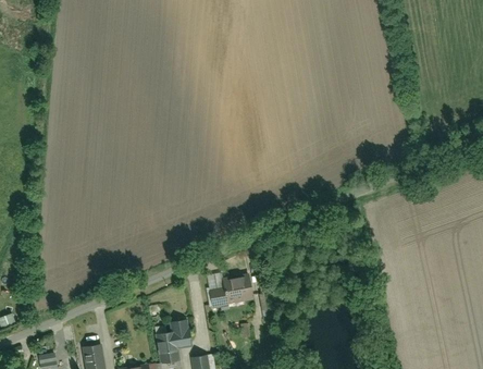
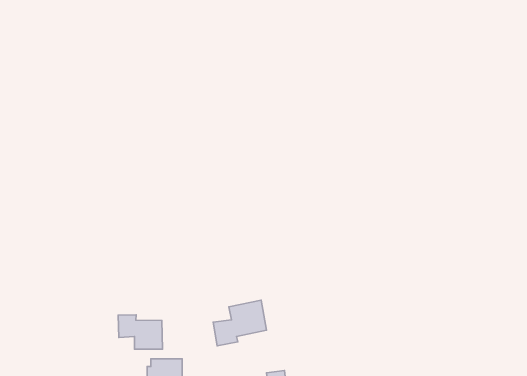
building: none -> [118,315,163,349]

